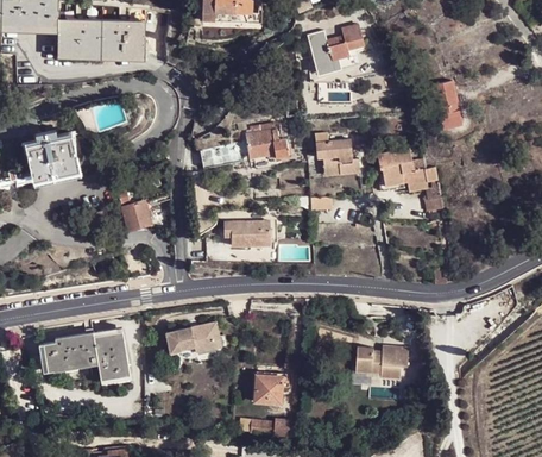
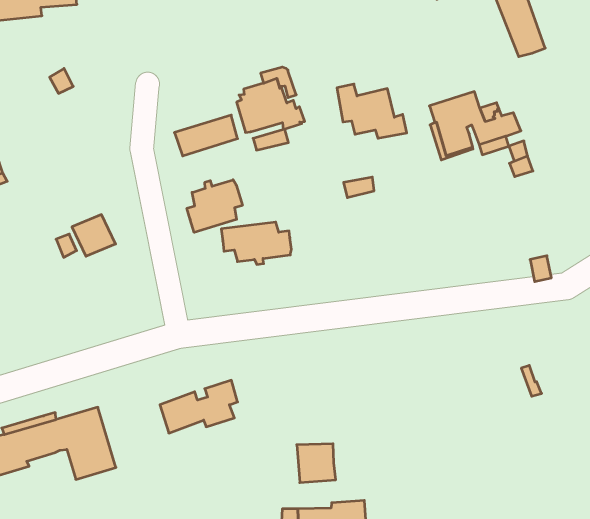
building: none -> [187,180,242,232]
building: [354,346,408,381] -> none

